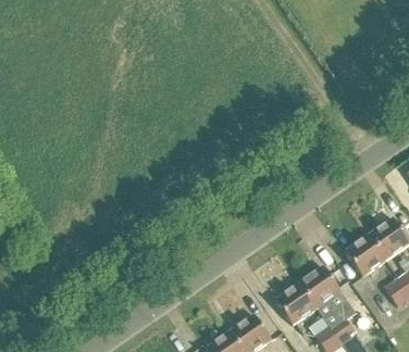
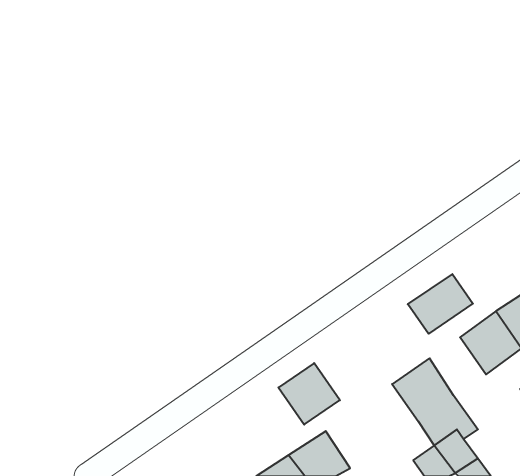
building: none -> [408,274,473,334]
building: [275,282,317,324] -> [278,363,340,425]

